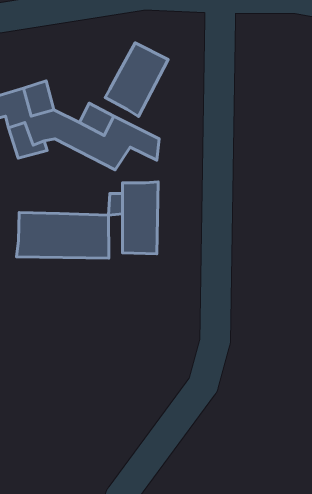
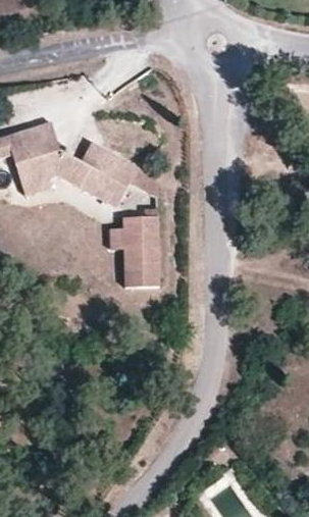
building: [105,43,168,116] -> none
building: [17,212,109,258] -> none

